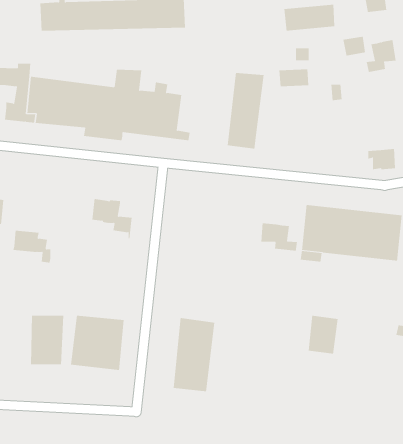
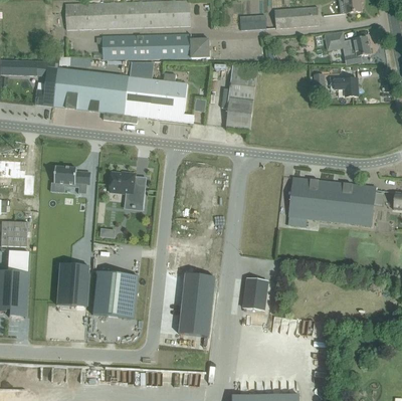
building: none -> [93,34,209,59]
building: [279,69,309,87] -> [239,14,265,29]
building: [368,149,396,170] -> [334,77,358,95]
building: [261,222,297,252] -> none
building: [12,230,51,263] -> [53,165,86,193]
building: [308,315,338,354] -> [242,276,268,310]

